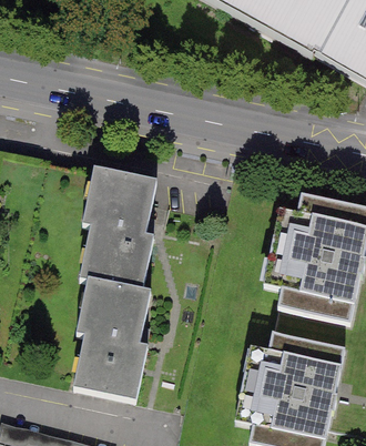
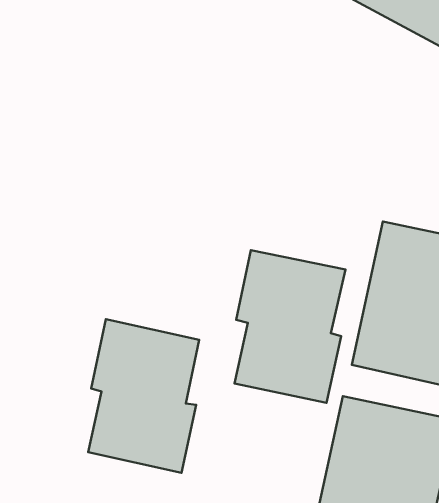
building: [80,174,163,288] -> [235,250,346,403]

